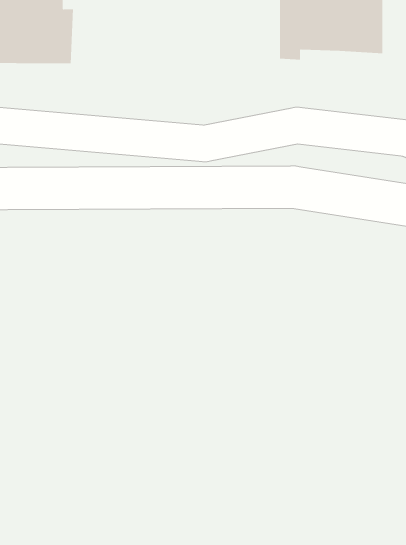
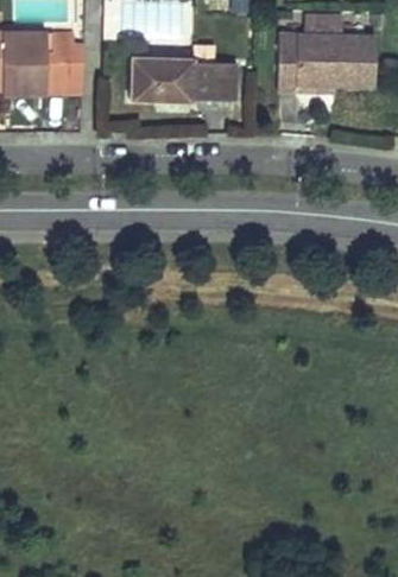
building: none -> [128,59,234,104]

